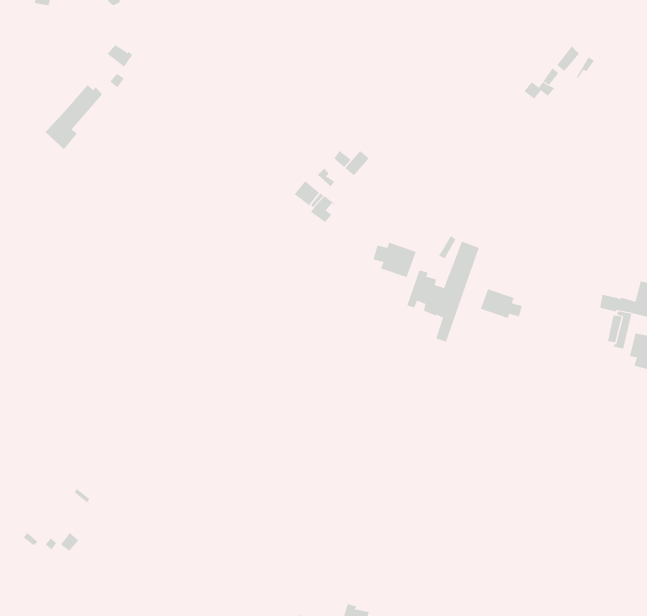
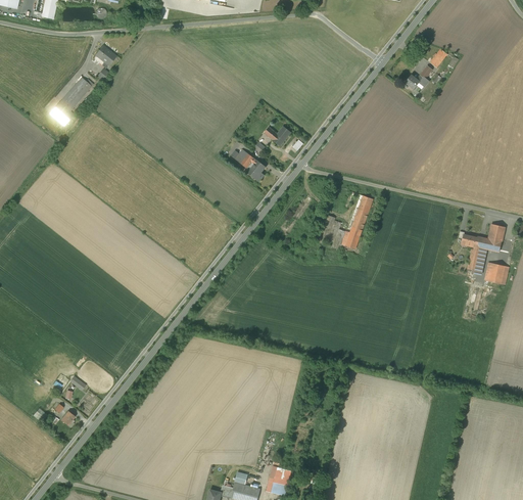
building: [373,242,417,278] -> none
building: [480,289,522,319] -> none

